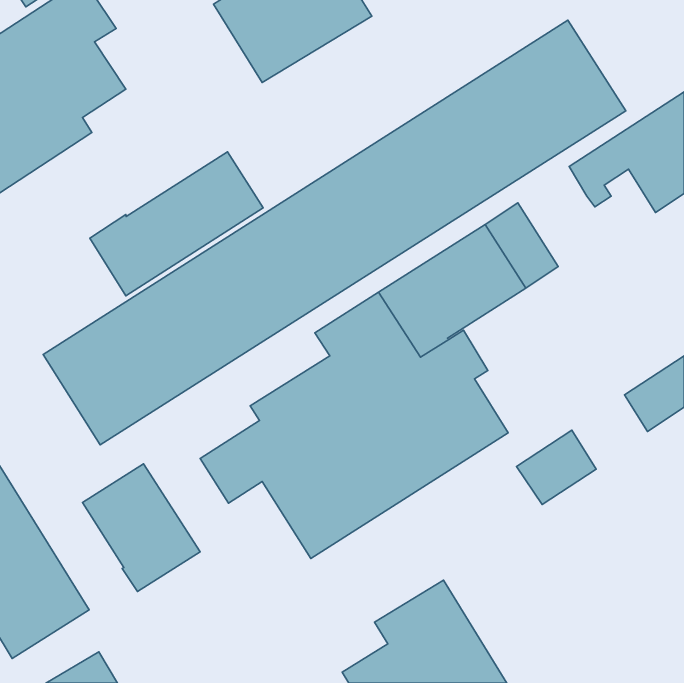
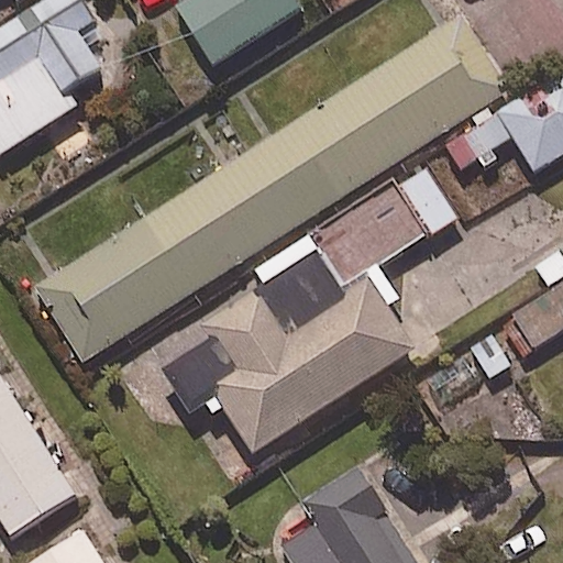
building: [90,152,263,296] -> none
building: [83,464,200,591] -> none

